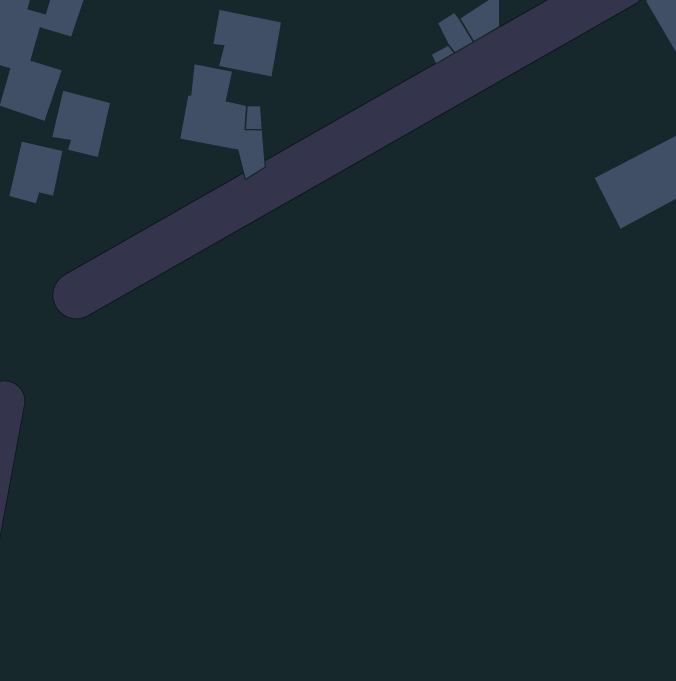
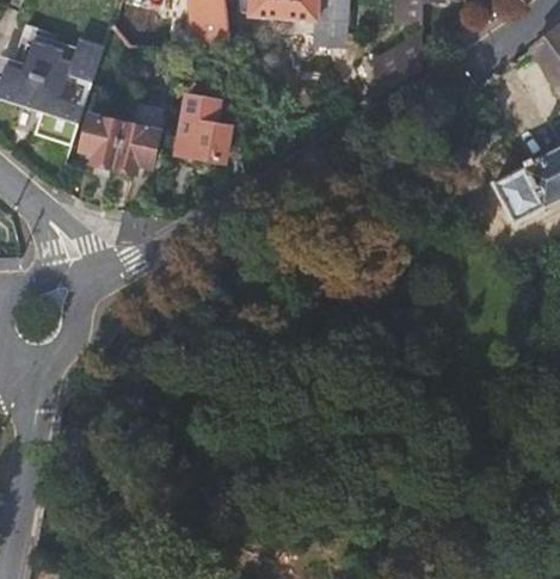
building: [213,9,282,77] -> none
building: [9,141,63,204] -> [115,124,156,172]

